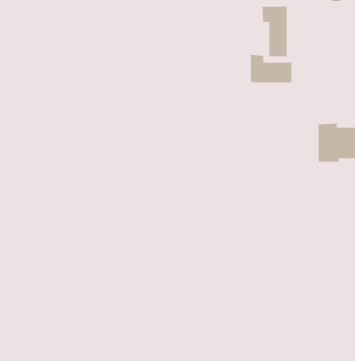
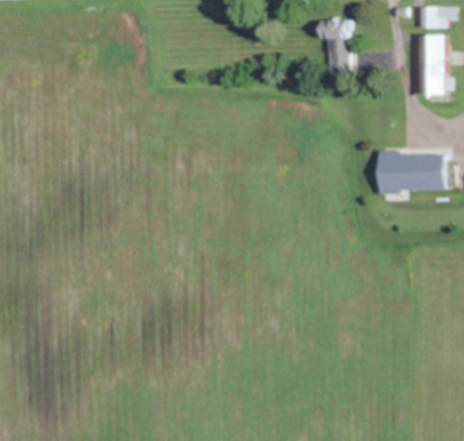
building: [250,54,292,83] -> none

